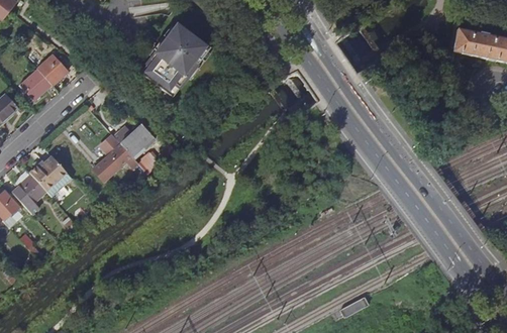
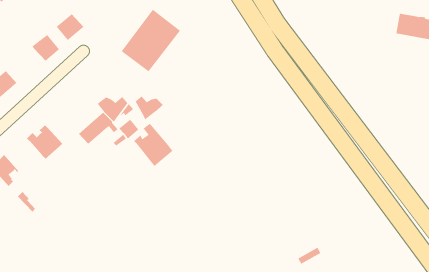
building: [20,69,53,100] -> [56,13,84,41]
building: none -> [135,95,163,121]
building: none -> [133,123,173,167]
building: [13,171,47,208] -> none

